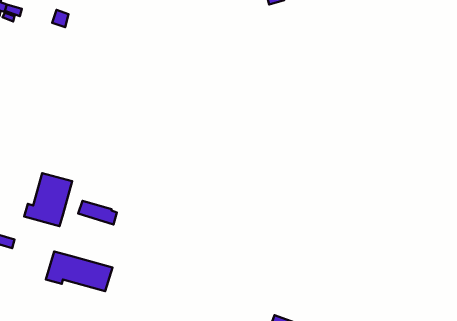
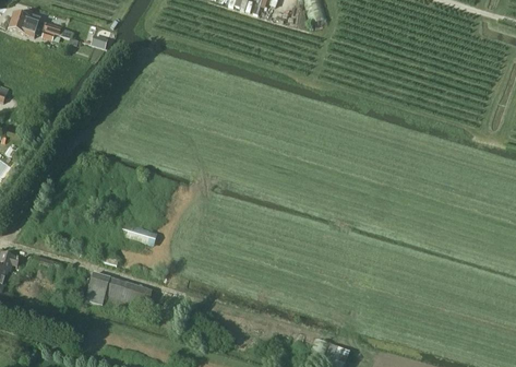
building: [24,173,72,226] -> none

